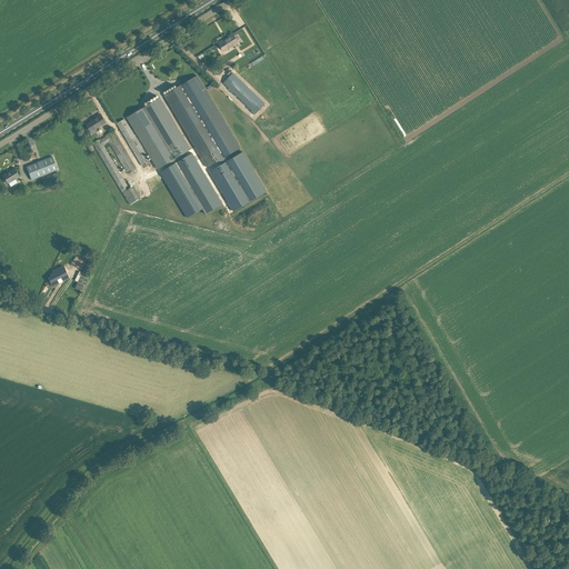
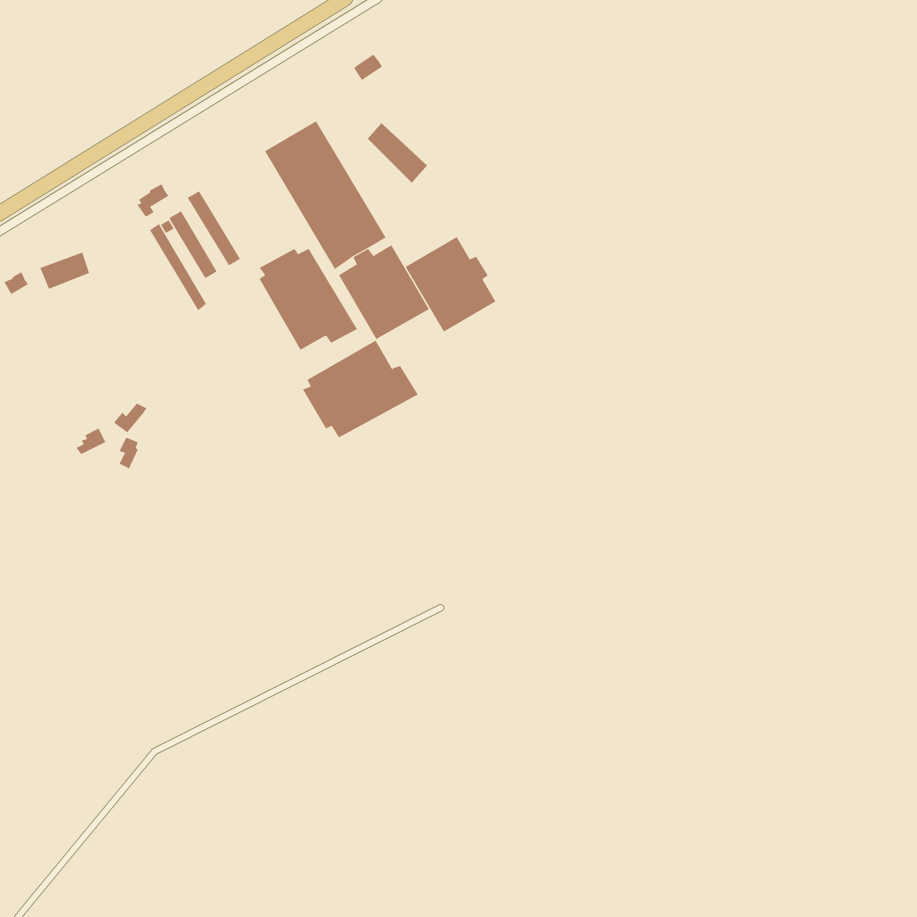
building: [127,97,189,168] -> none
building: none -> [405,236,496,332]
building: none -> [302,340,418,438]

